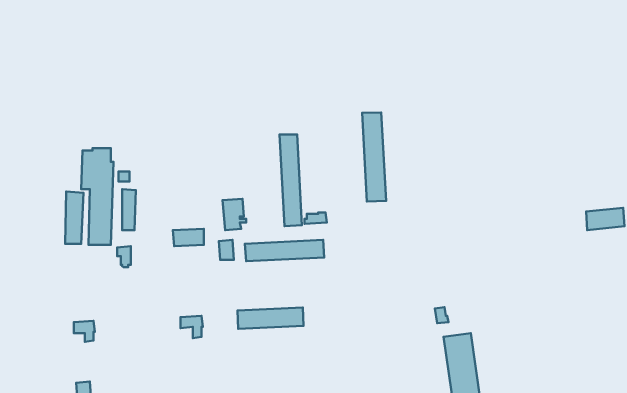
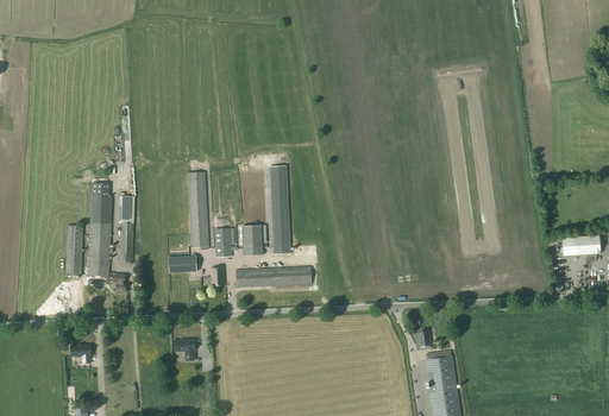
building: [362,112,386,201] -> none
building: none -> [188,171,209,248]
building: none -> [240,225,264,256]
building: [238,307,303,329] -> none

